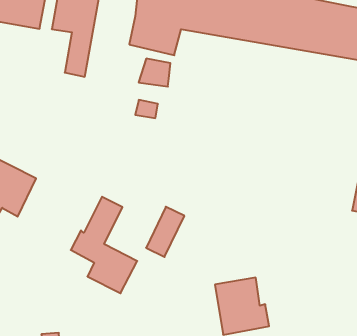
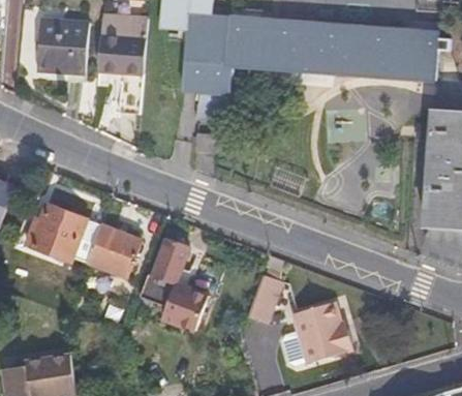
building: none -> [86,226,141,281]
building: [146,207,184,257] -> [246,273,281,324]

